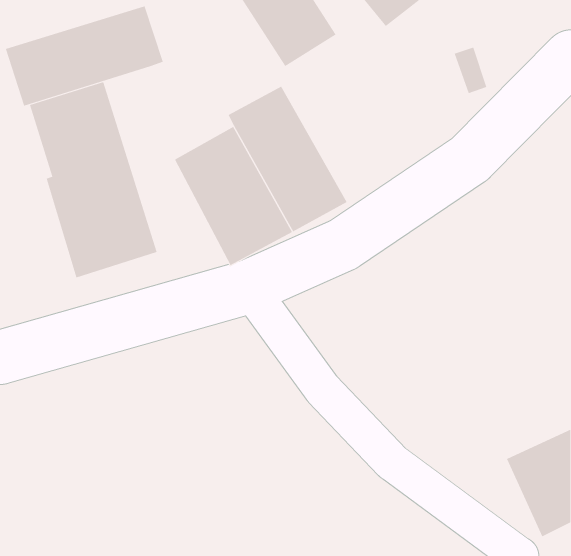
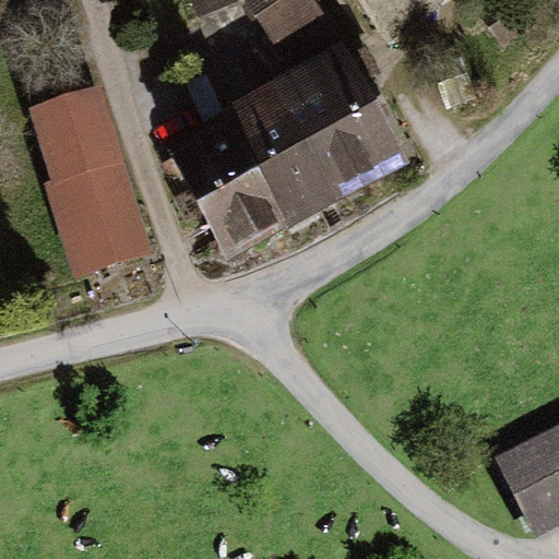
building: [5,6,163,107] -> none
building: none -> [275,47,404,198]

